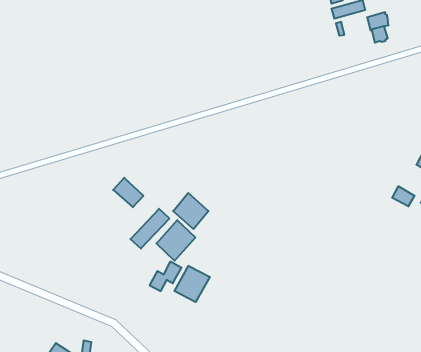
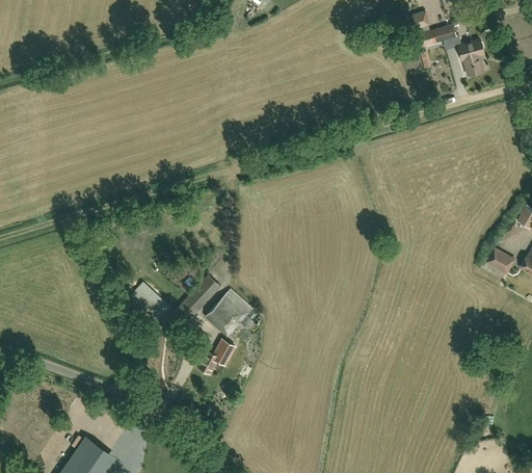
building: [113,178,143,207] -> [131,283,167,318]
building: [173,193,209,229] -> none
building: [174,266,210,302] -> none

